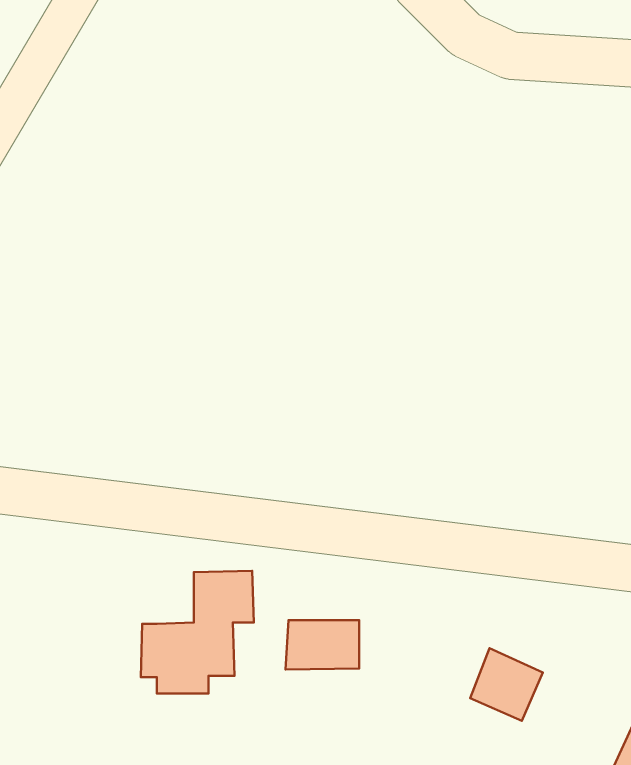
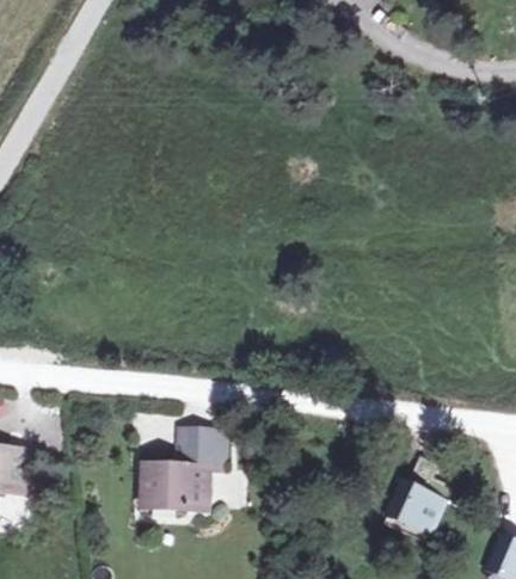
building: [286,620,359,669] -> none

